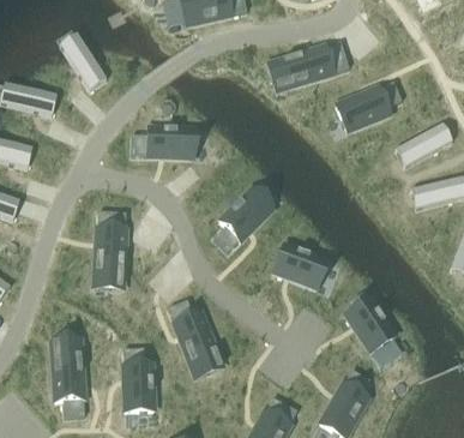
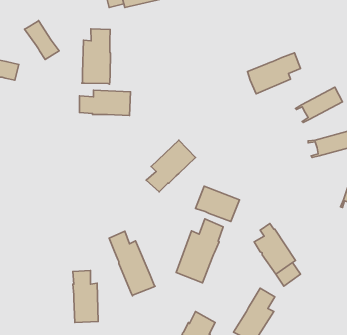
building: [267,42,349,92] -> none
building: none -> [82,29,111,84]
building: [92,212,126,289] -> none
building: none -> [176,219,223,283]
building: [50,340,84,418] -> none

